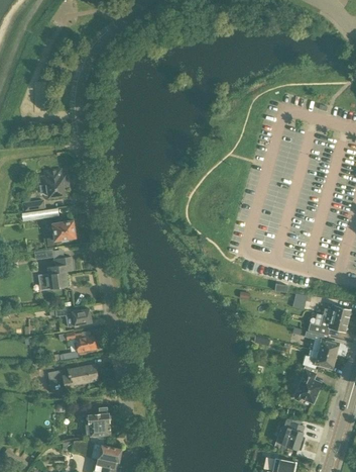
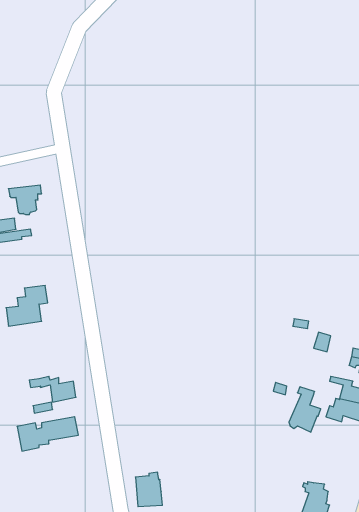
building: [47,220,76,247] -> none
building: [55,308,91,326] -> none
building: [294,366,321,403] -> [289,387,321,432]
building: [88,407,110,436] -> [135,472,162,507]

